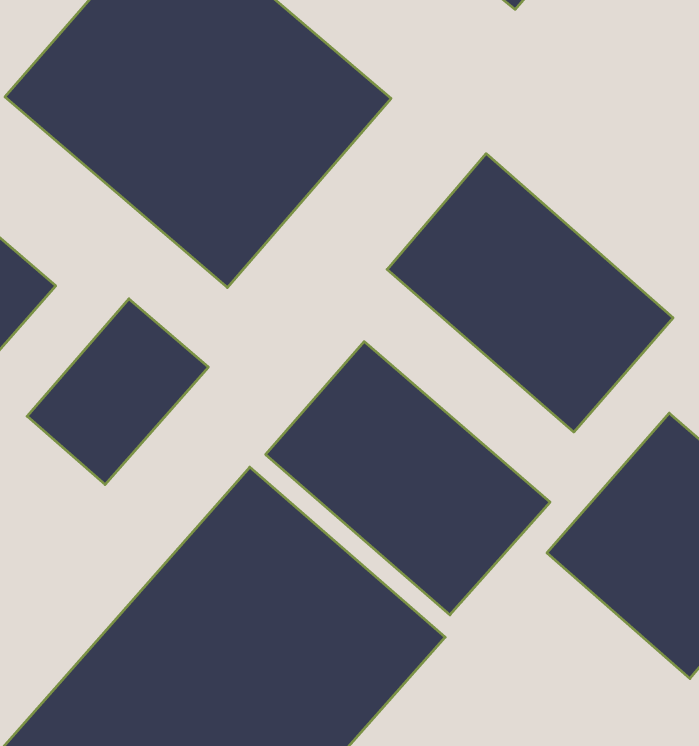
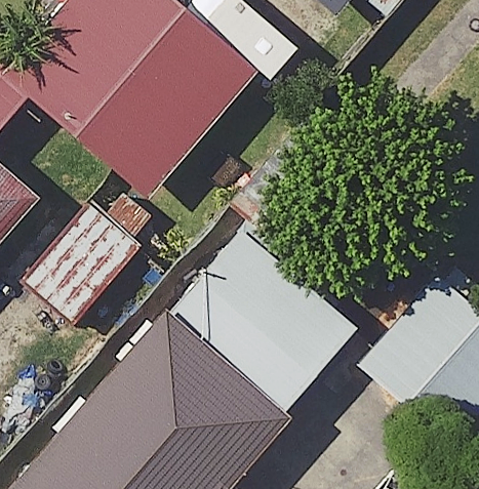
building: [387,154,673,432] -> none

